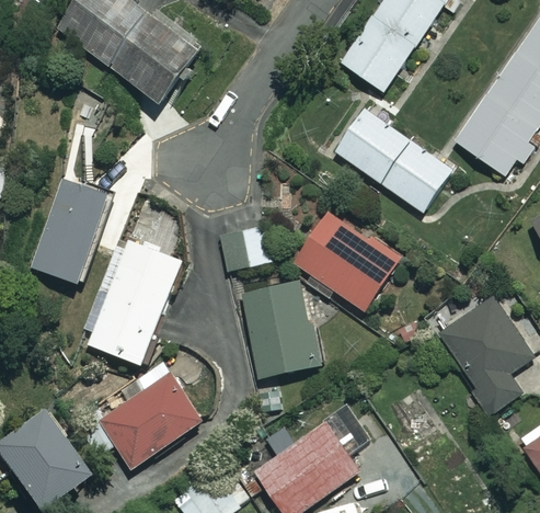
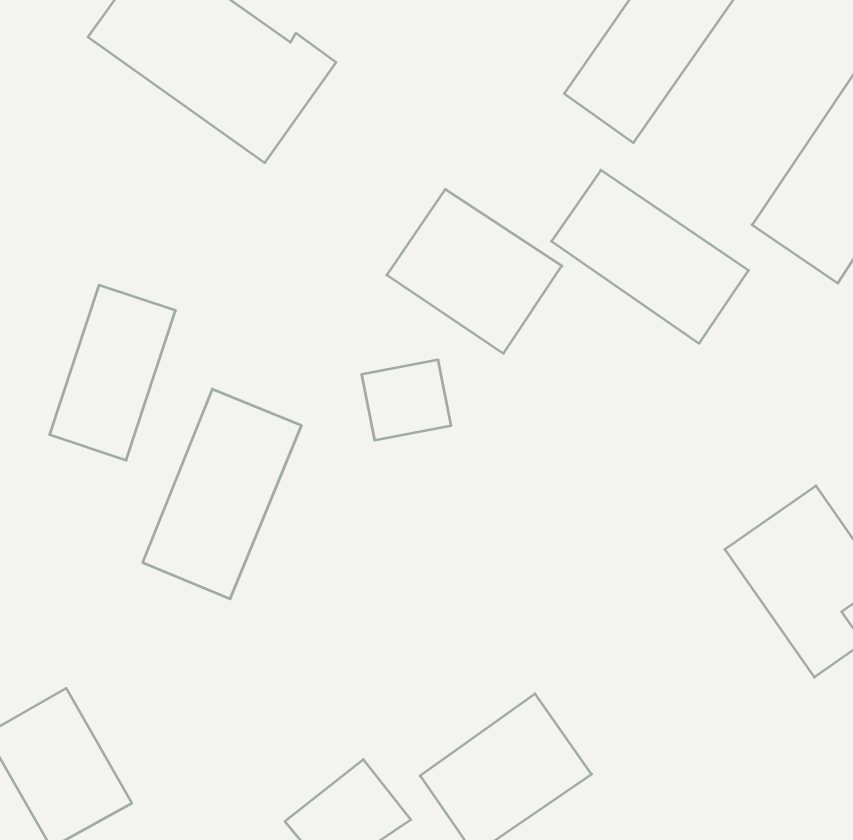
building: [294,210,399,309] -> [387,189,562,353]
building: [242,281,319,377] -> none
building: [84,373,204,468] -> none

